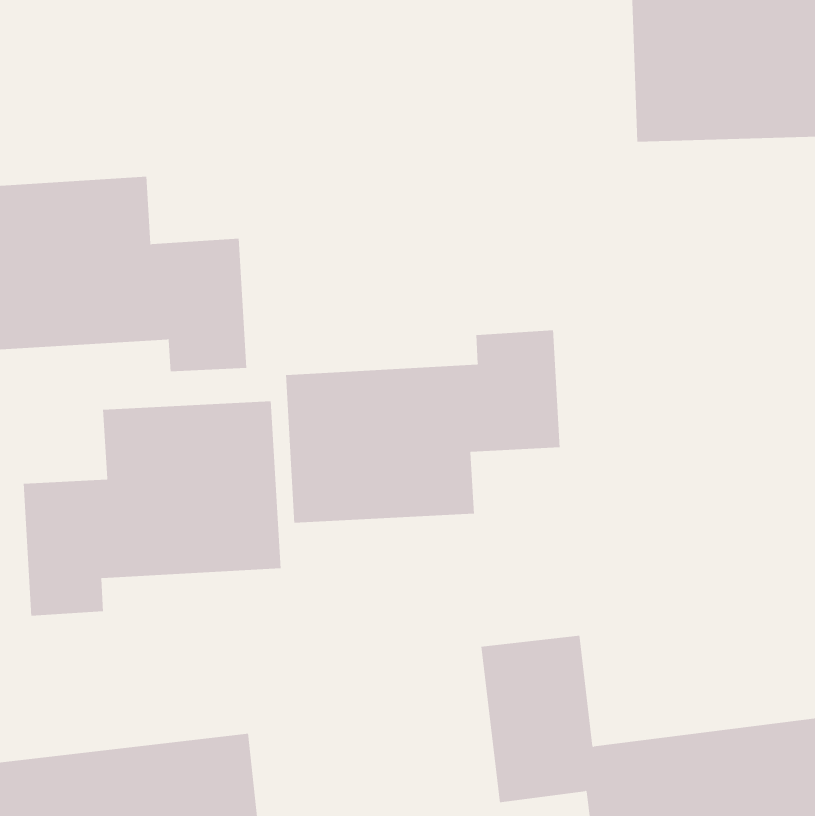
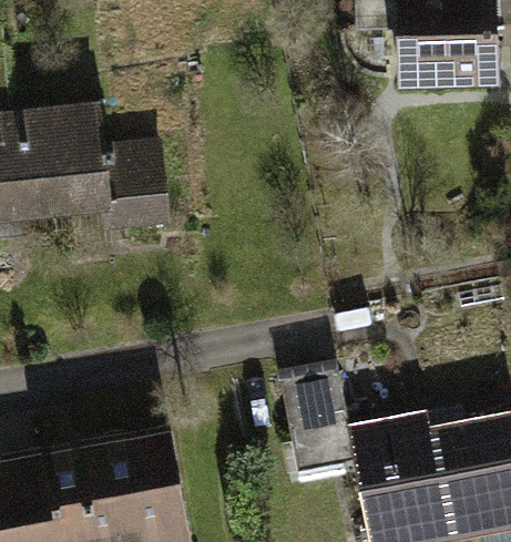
building: [285,329,560,524] -> none
building: [23,400,281,617] -> none

